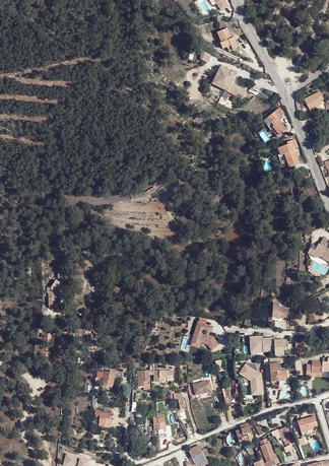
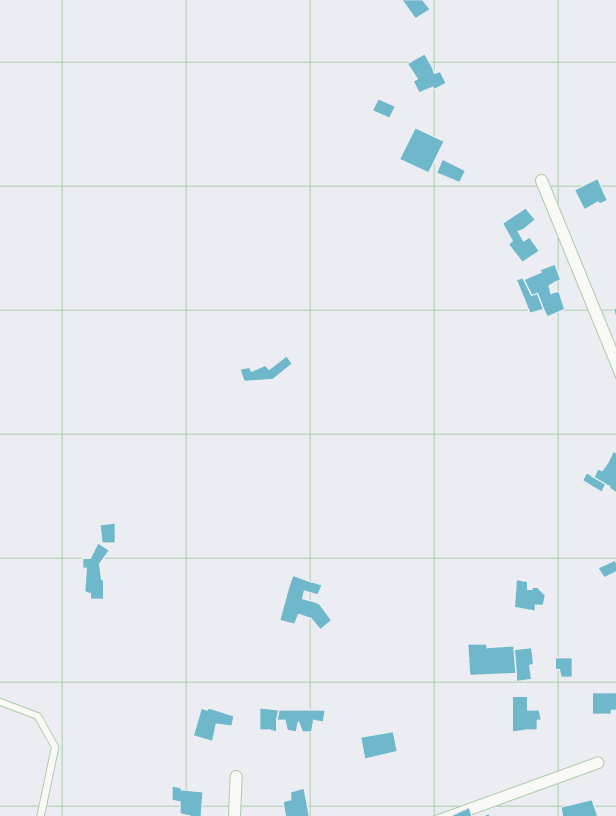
building: [191,322,218,350] -> [279,575,332,630]
building: [240,362,262,395] -> none

